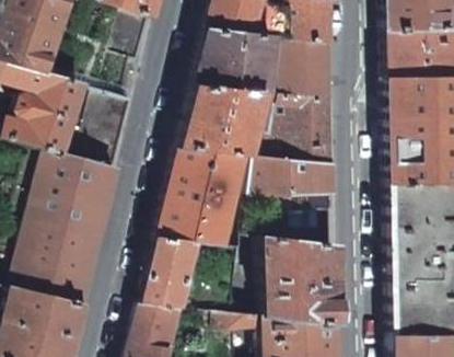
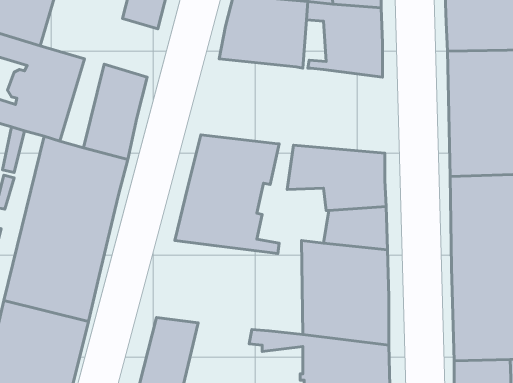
building: [182,83,261,154] -> none
building: [259,92,336,162] -> none
building: [144,235,195,304] -> none

